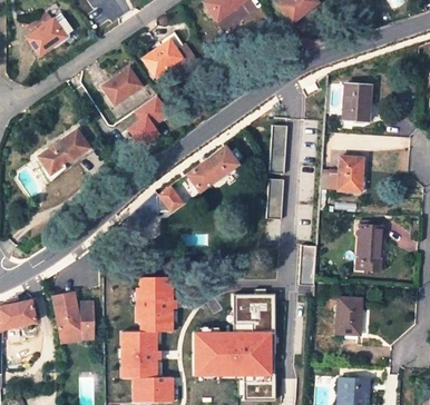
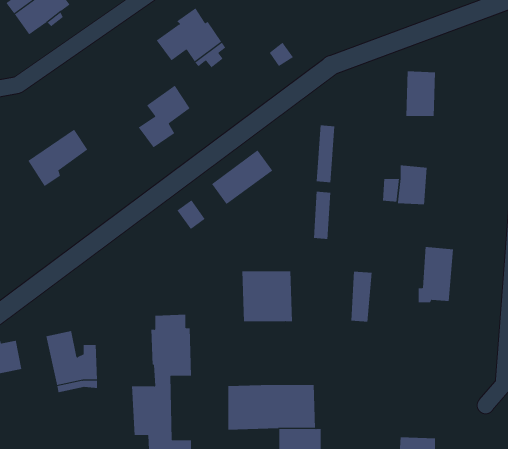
building: [102,68,140,103] -> none
building: [235,295,276,336] -> [242,271,293,322]
building: [336,297,361,333] -> none

